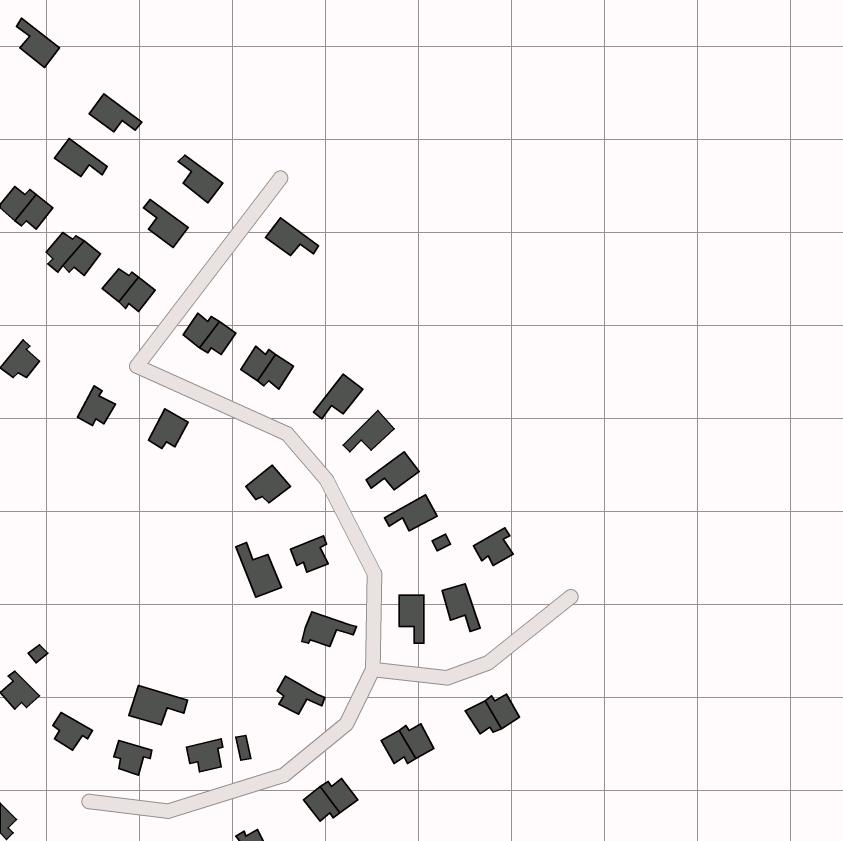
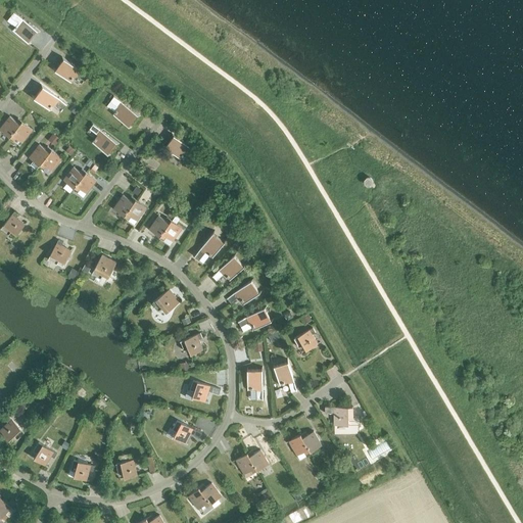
building: [236,542,281,597] -> none
building: none -> [325,407,359,425]
building: [129,686,187,725] -> none

